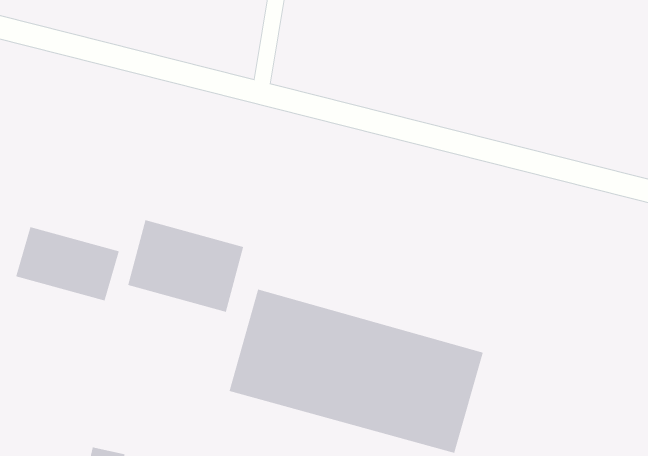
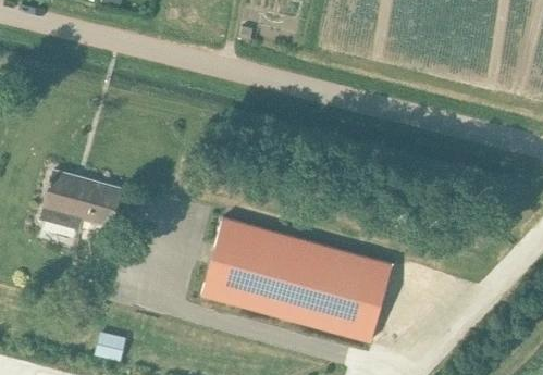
building: [127,219,244,313] -> none

